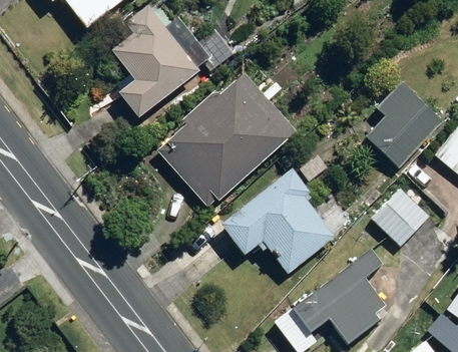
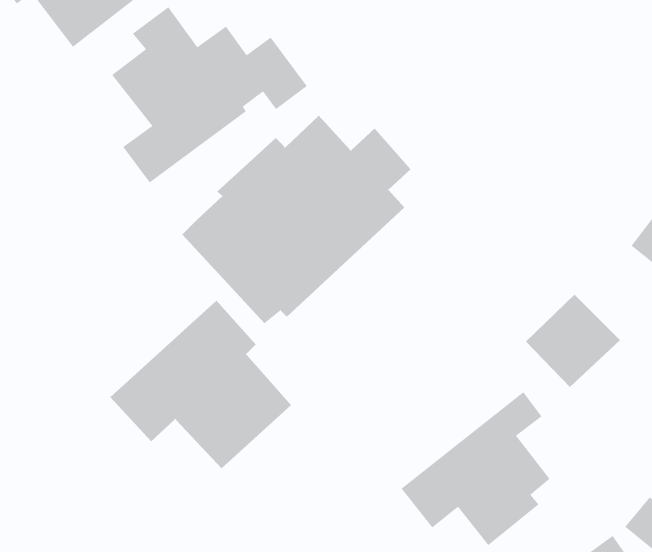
building: [357,80,444,168] -> none
building: [218,169,333,276] -> [110,300,292,469]

